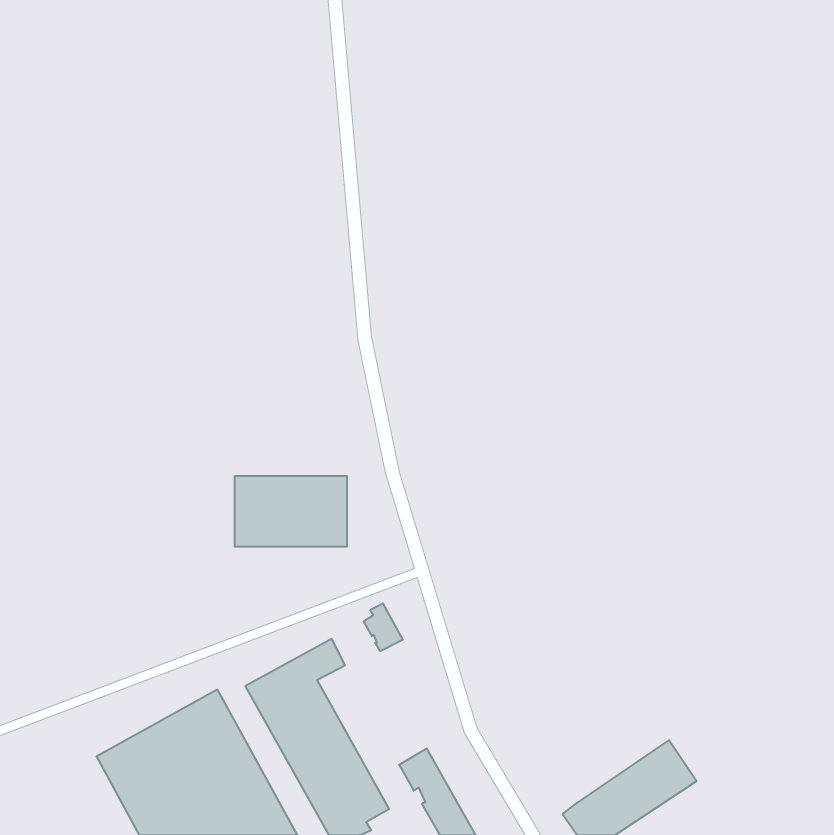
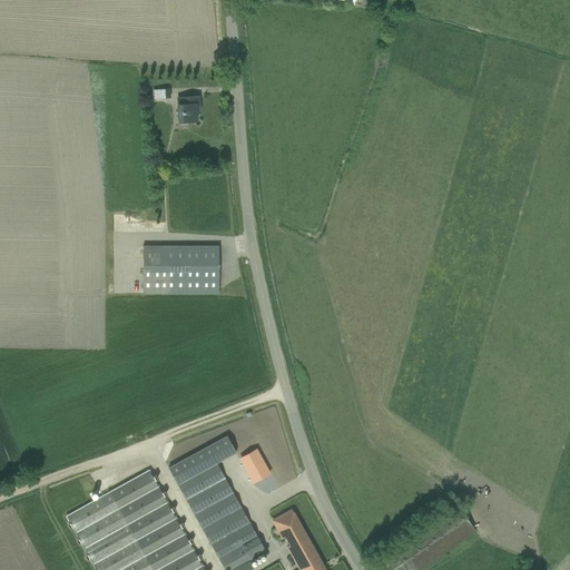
building: none -> [177,96,199,122]
building: [234,476,347,546] -> [142,246,219,294]
building: [364,604,403,651] -> [243,450,269,482]

